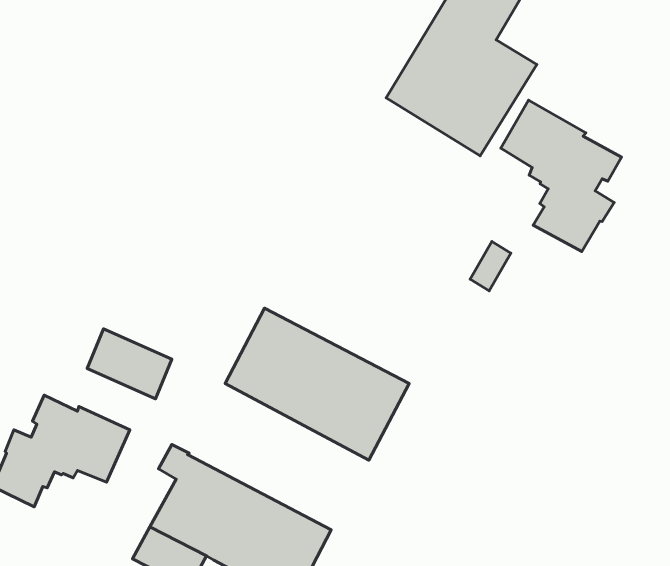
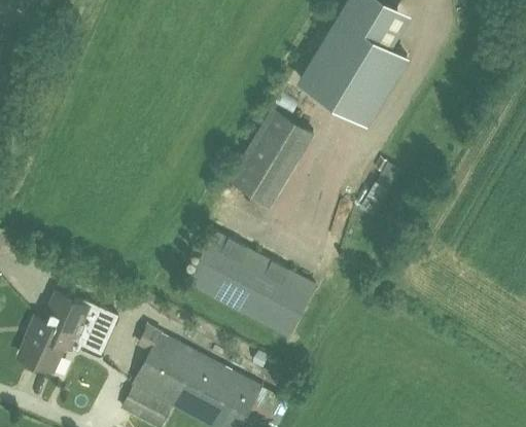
building: [501,100,622,251] -> none
building: none -> [229,108,313,204]
building: [87,329,172,399] -> none

